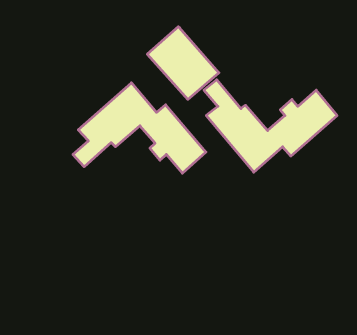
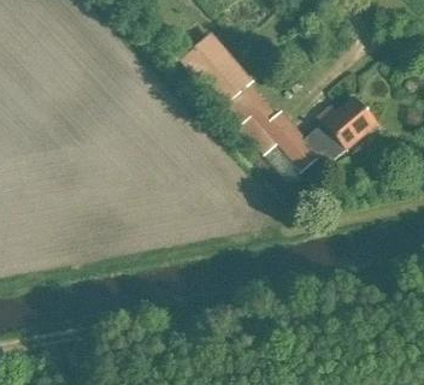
building: [73,83,206,173] -> none

